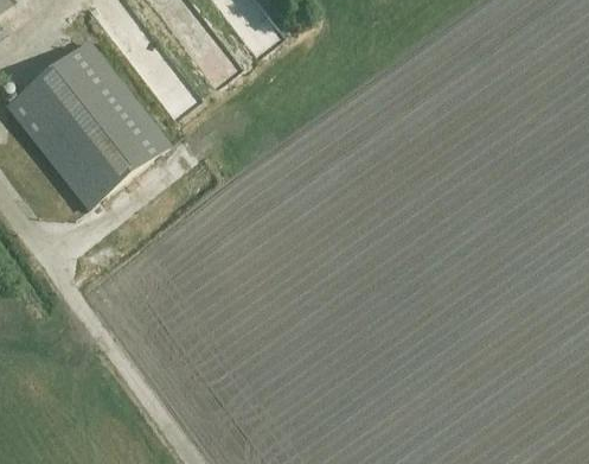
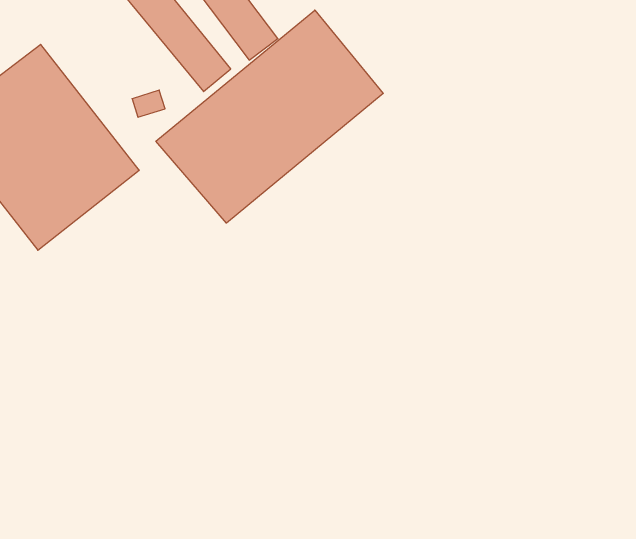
building: none -> [156,10,383,223]

